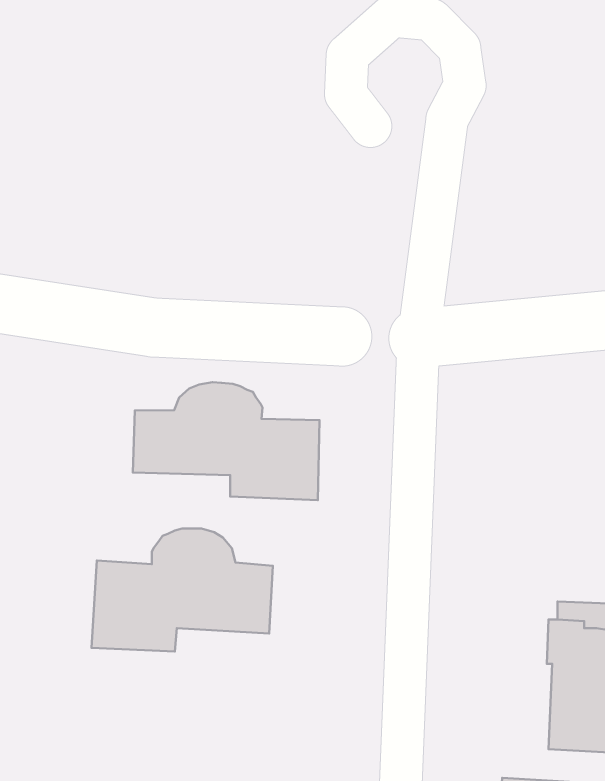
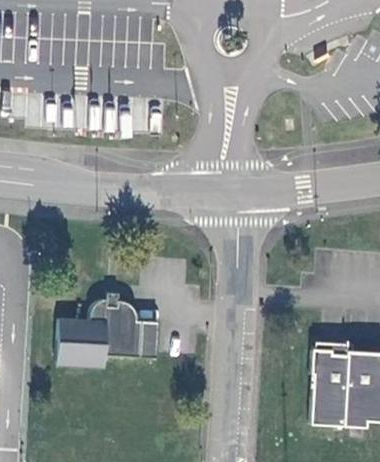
building: [133,382,319,500] -> none

